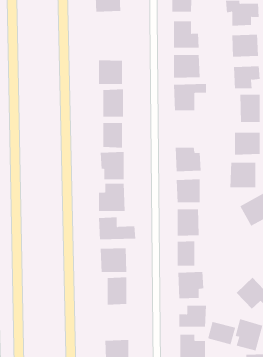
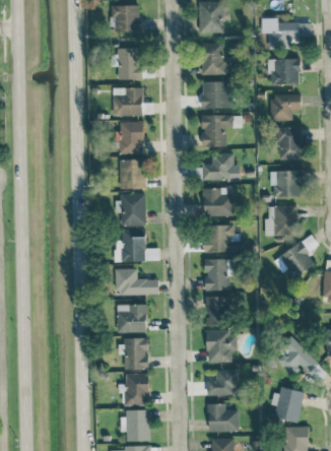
building: none -> [117,48,141,79]
building: none -> [202,153,235,181]
building: none -> [118,373,149,405]
building: [207,321,236,345] -> none

